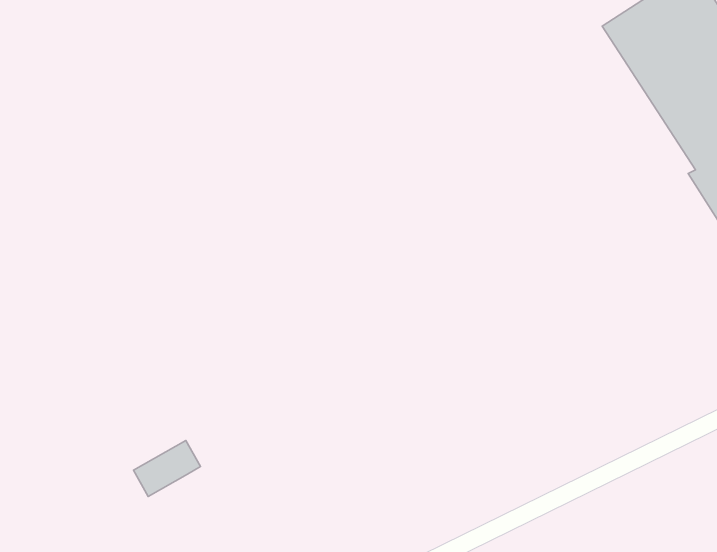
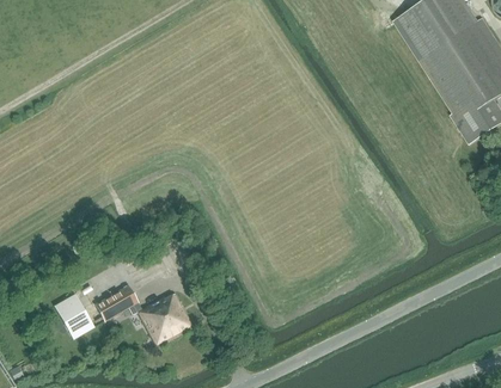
building: none -> [128,291,191,344]
building: none -> [53,292,92,338]

